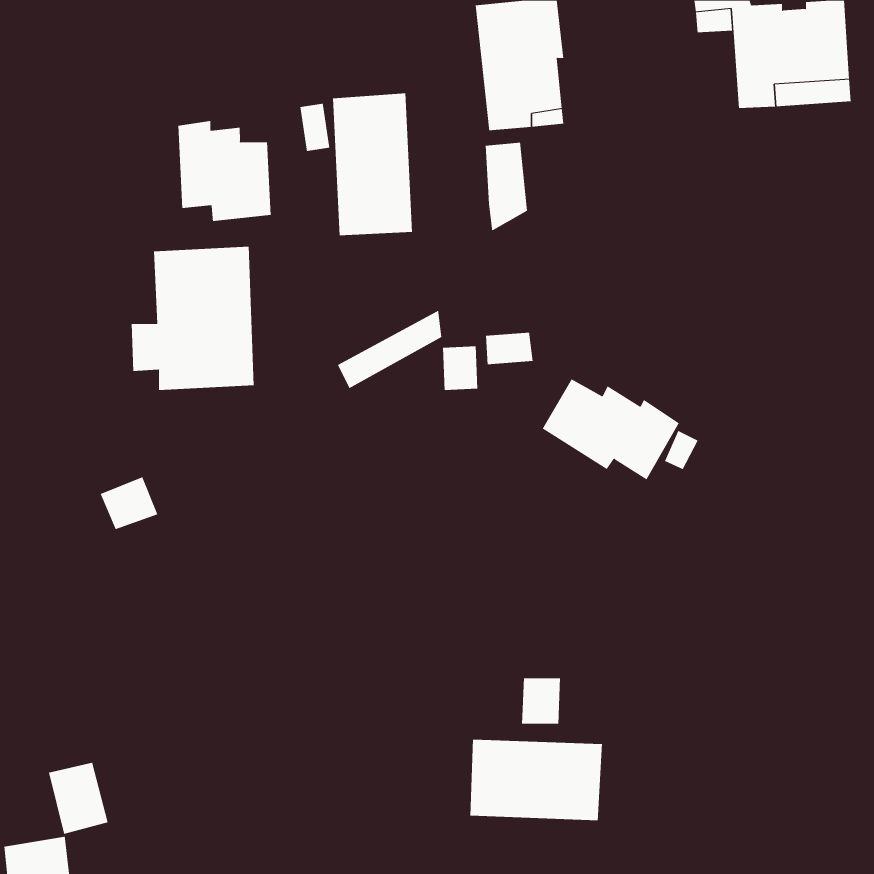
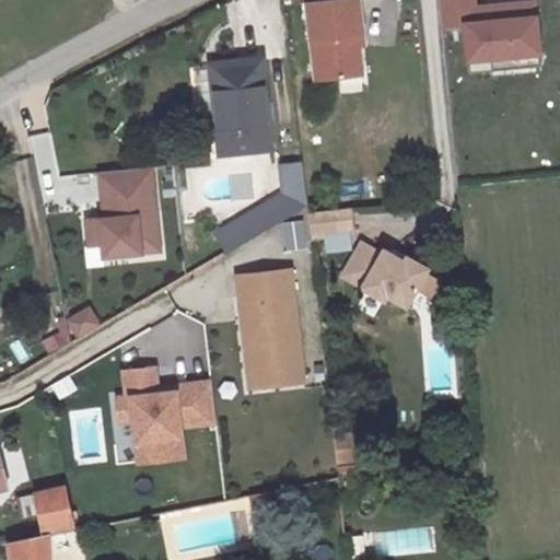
building: [178,120,271,222] -> none
building: [485,142,528,232] -> [277,161,304,218]
building: none -> [238,267,310,390]
building: none -> [113,366,211,464]
building: [470,739,603,821] -> none

